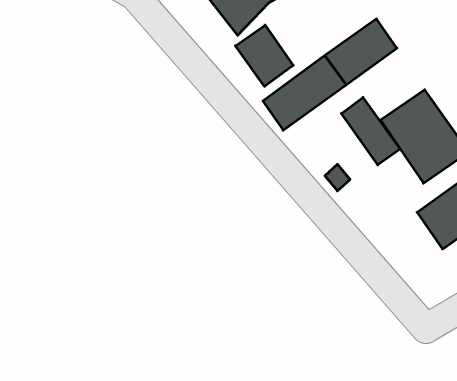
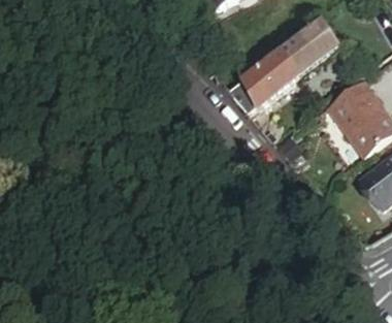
building: [235,25,293,86] -> none
building: [341,97,400,165] -> none

